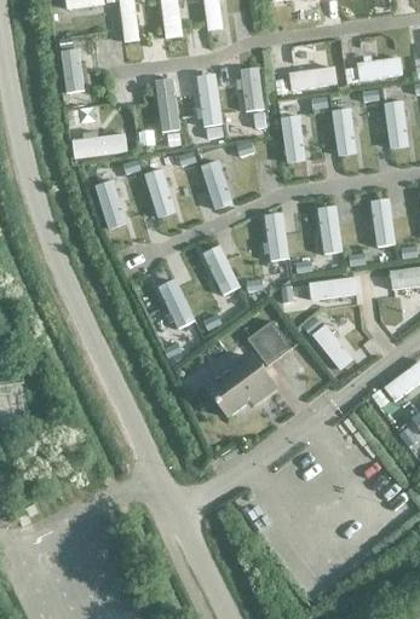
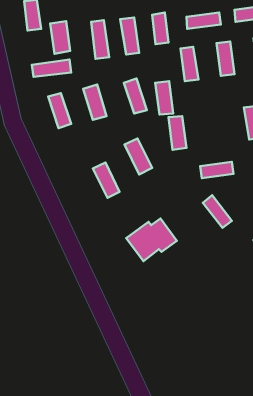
building: none -> [50,21,70,54]
building: [316,206,341,253] -> [155,81,173,115]
building: [246,319,290,365] -> none

